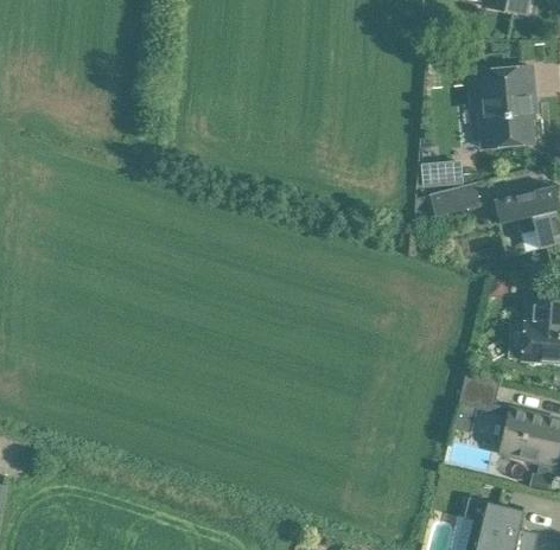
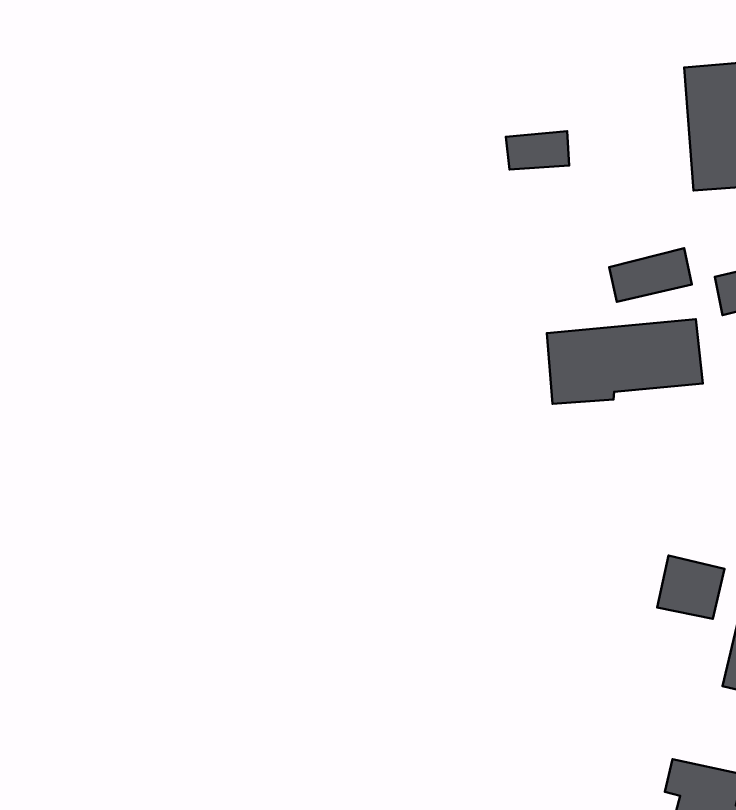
building: [422,161,462,185] -> [506,131,569,169]
building: none -> [547,319,703,404]

